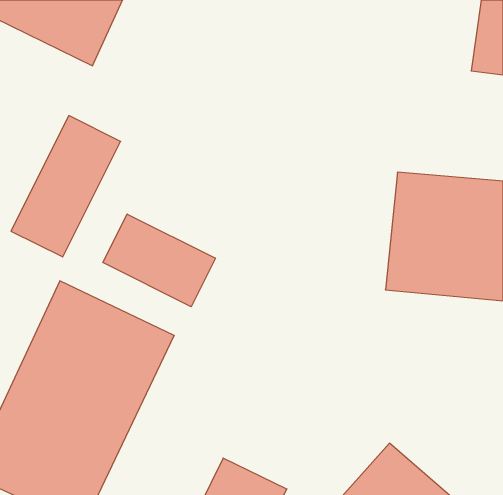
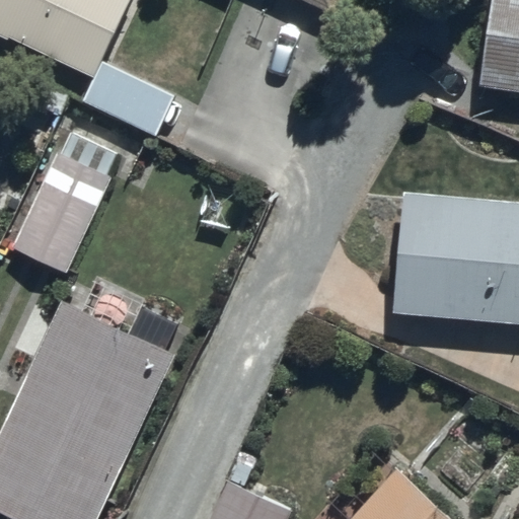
building: [103,214,215,307] -> none

